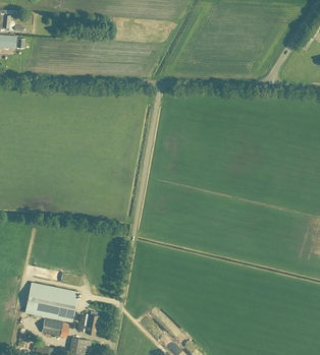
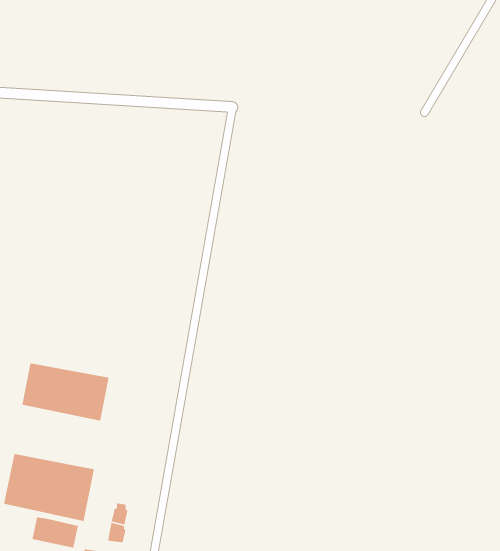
building: none -> [21,362,110,421]

